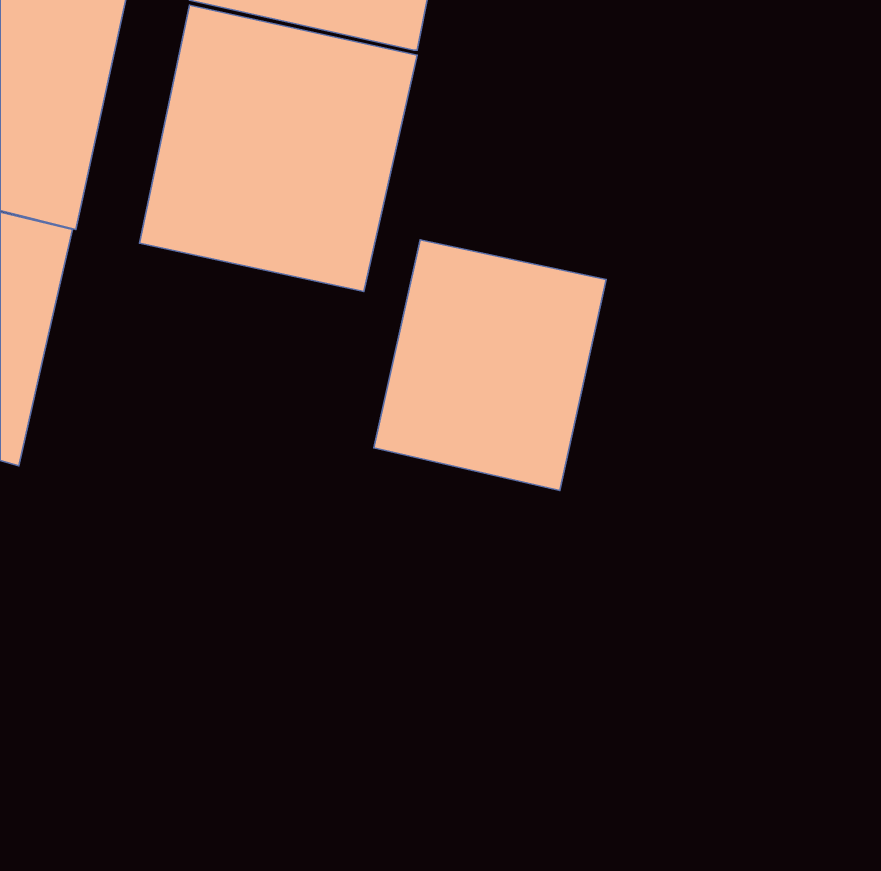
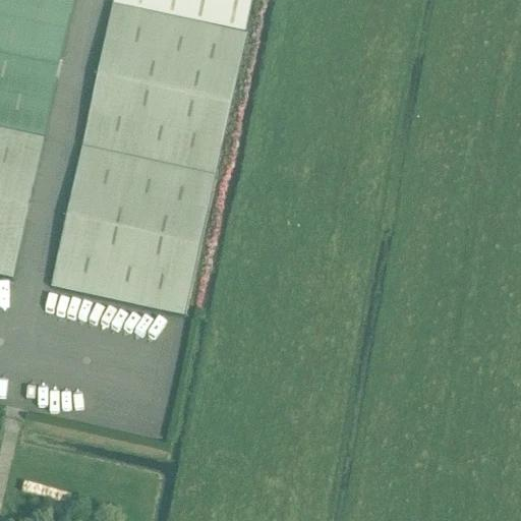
building: [374,240,606,491] -> none
building: none -> [51,146,214,313]

